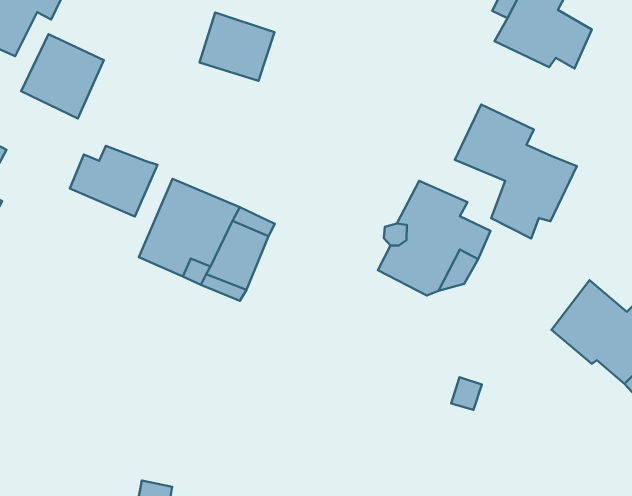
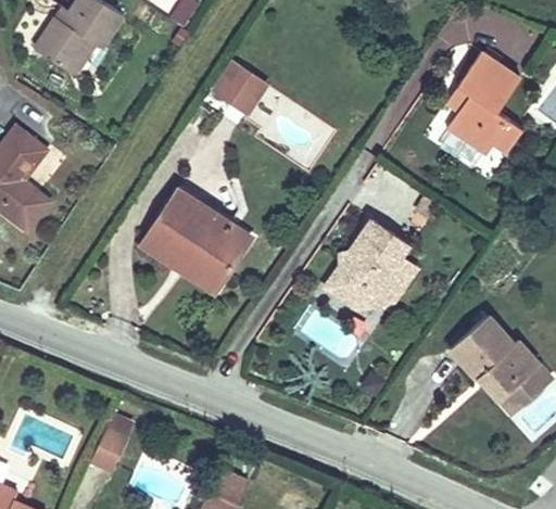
building: [21,34,104,118] -> none
building: [455,105,577,238] -> none
building: [70,146,157,216] -> none

